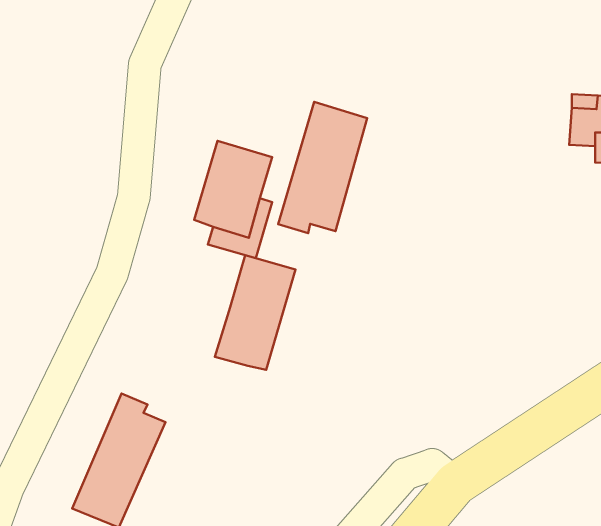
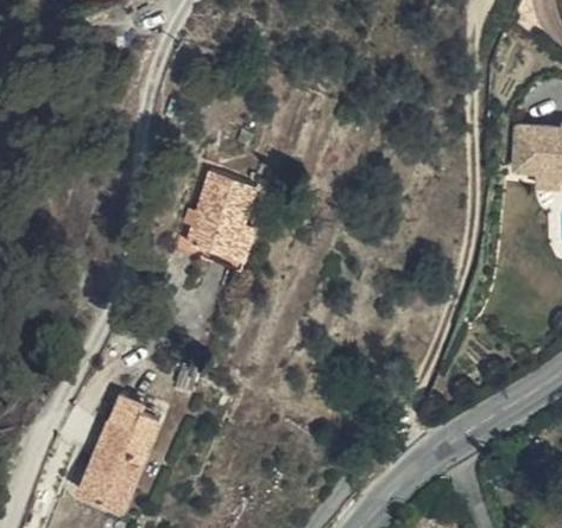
building: [278,102,367,233] -> none
building: [215,255,296,370] -> none

